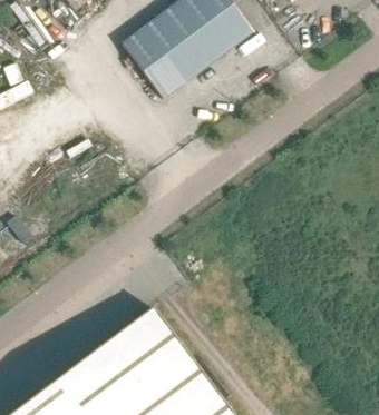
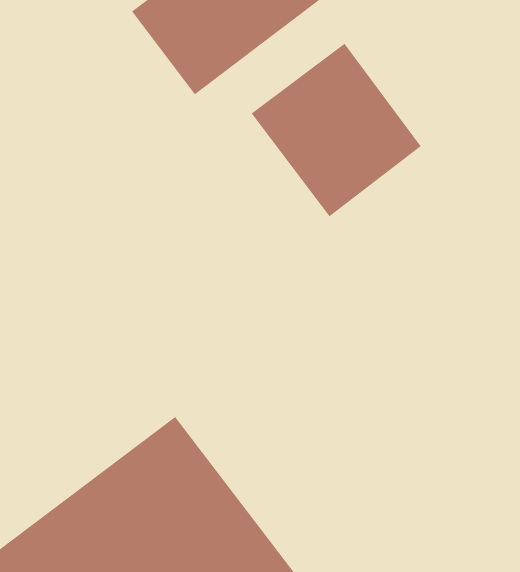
building: none -> [251,43,422,217]

